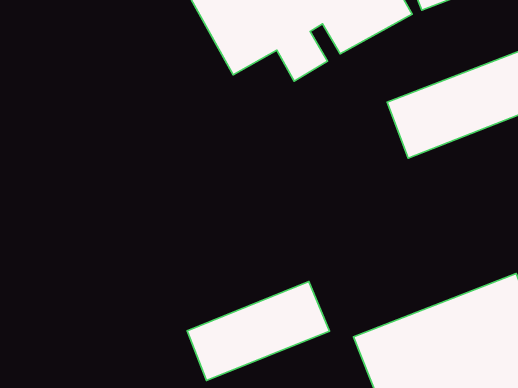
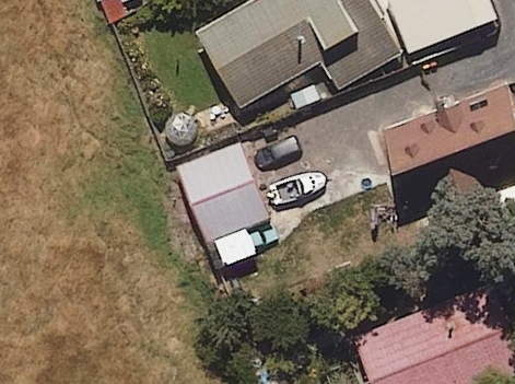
building: none -> [178,142,269,268]
building: [187,281,329,381] -> none

